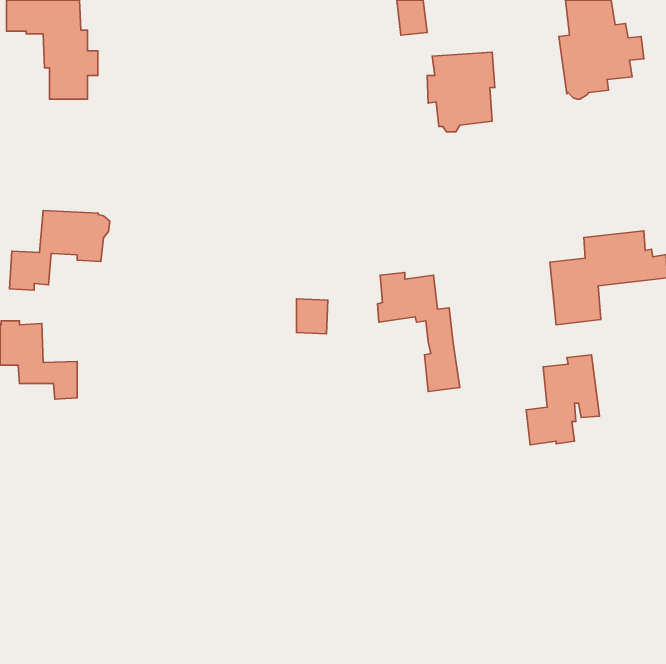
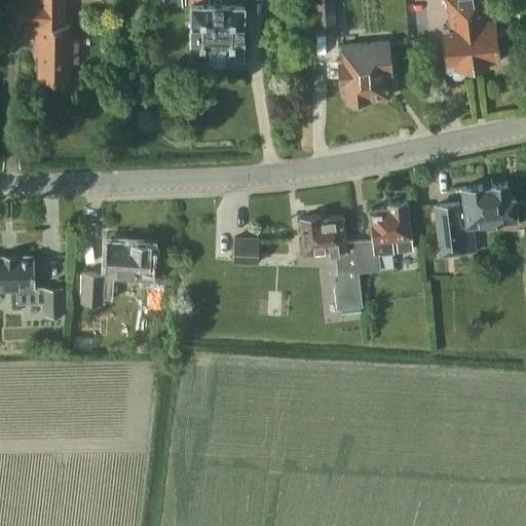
building: none -> [189,6,243,59]
building: [9,211,110,290] -> [81,242,160,305]
building: [526,355,599,445] -> [354,201,412,272]

